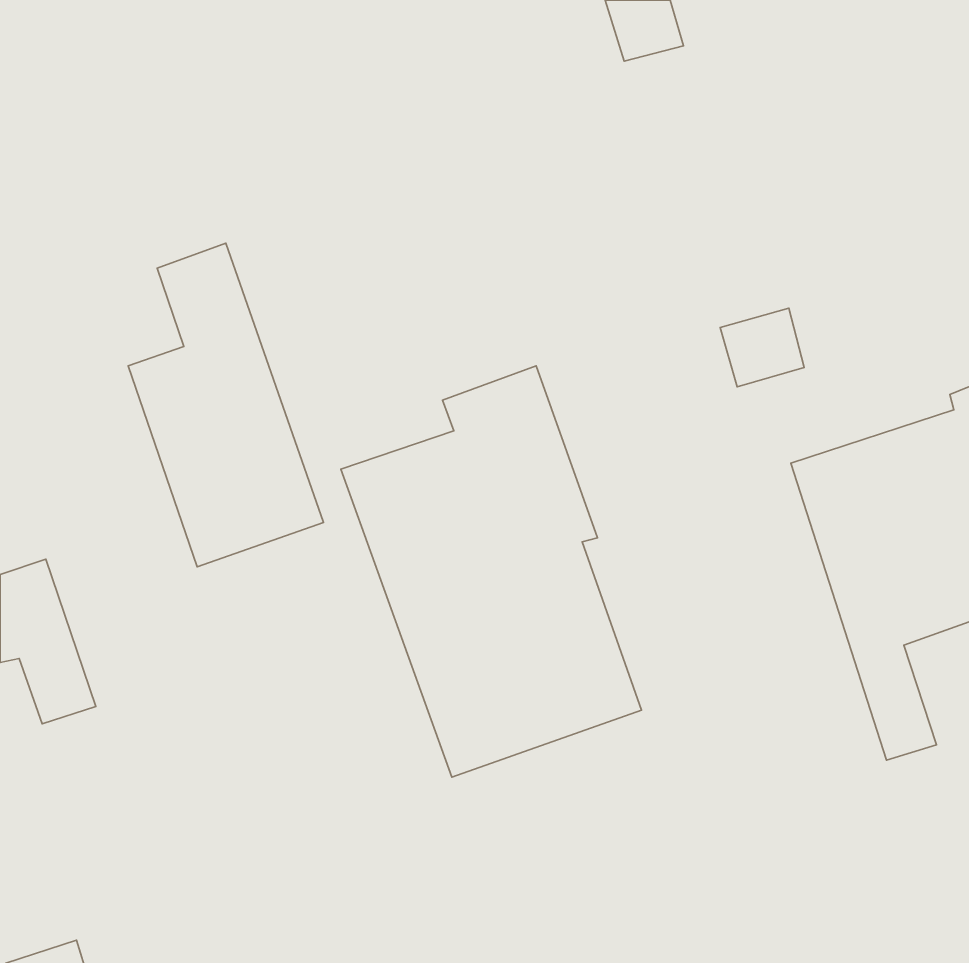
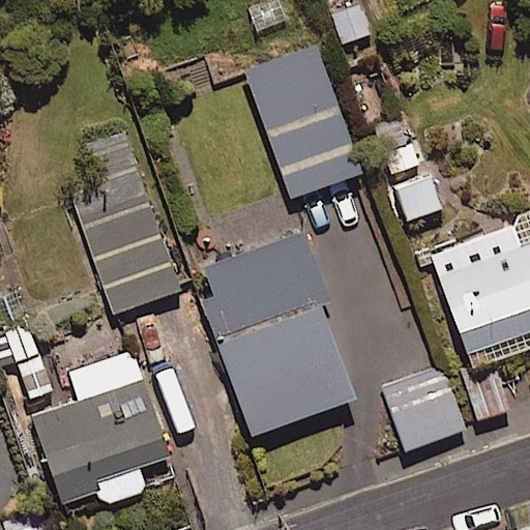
building: none -> [248,50,361,197]
building: none -> [30,355,168,502]
building: none -> [384,373,468,455]

